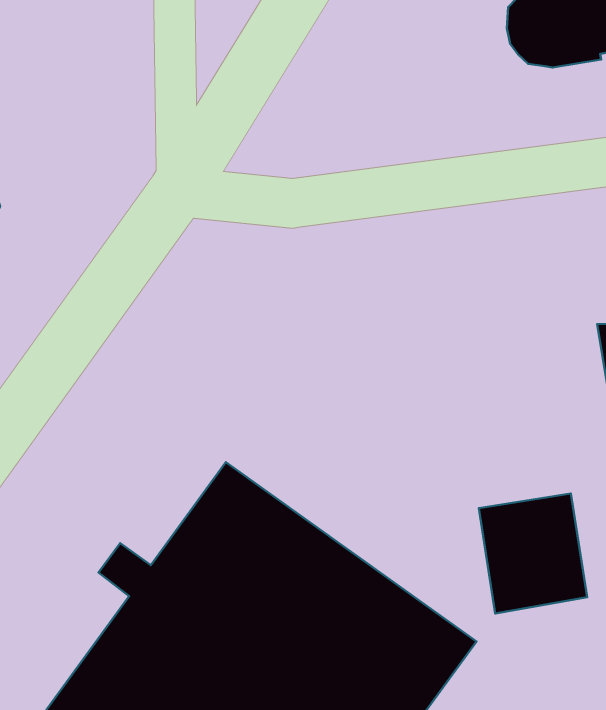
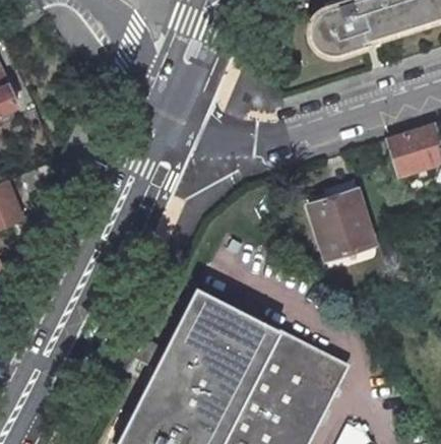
building: [479,493,587,614] -> [309,190,374,260]

